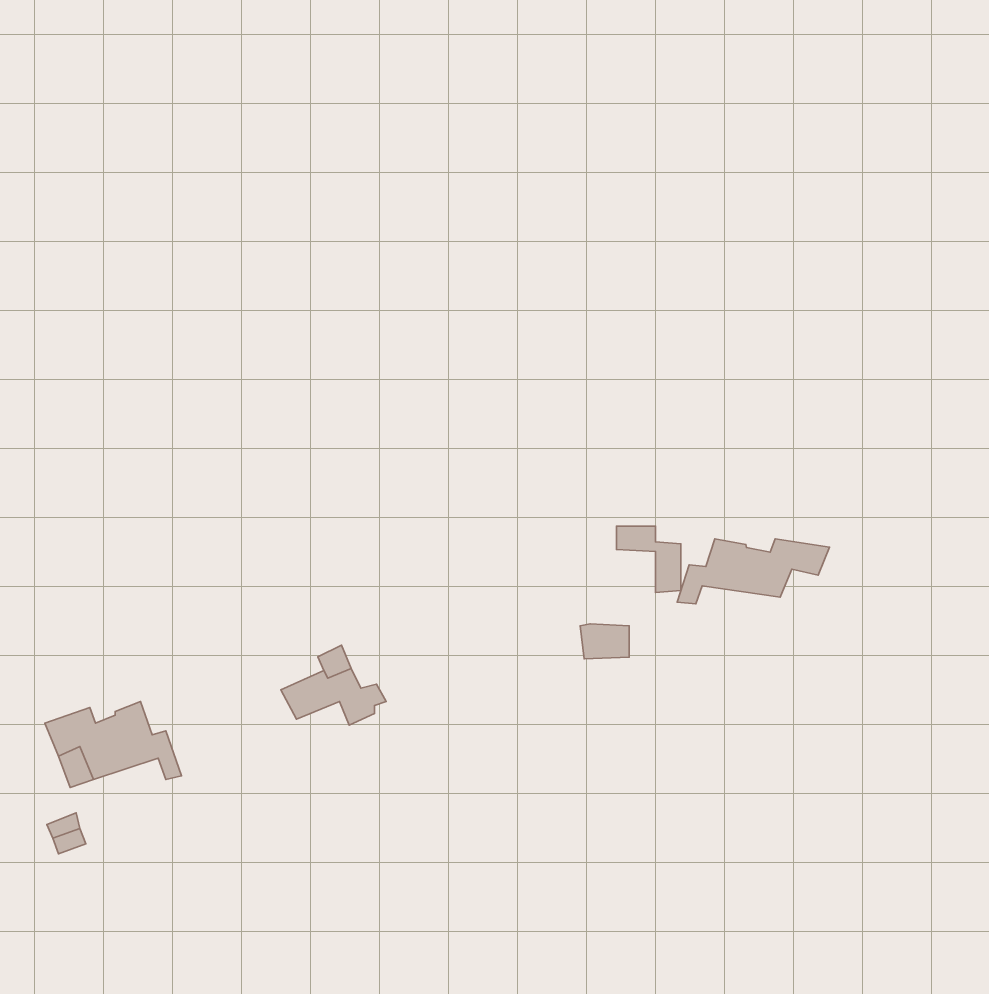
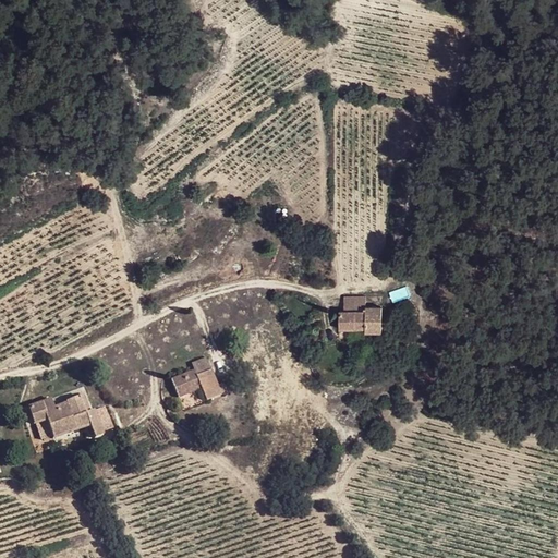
building: [677,539,830,604] -> none
building: [580,624,629,659] -> [343,307,371,327]

